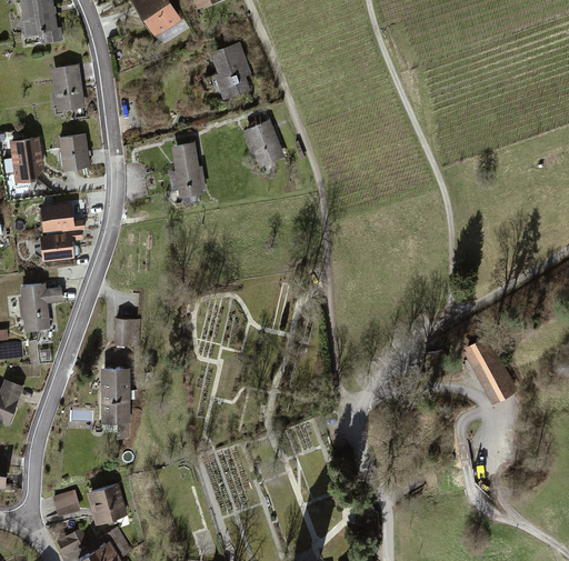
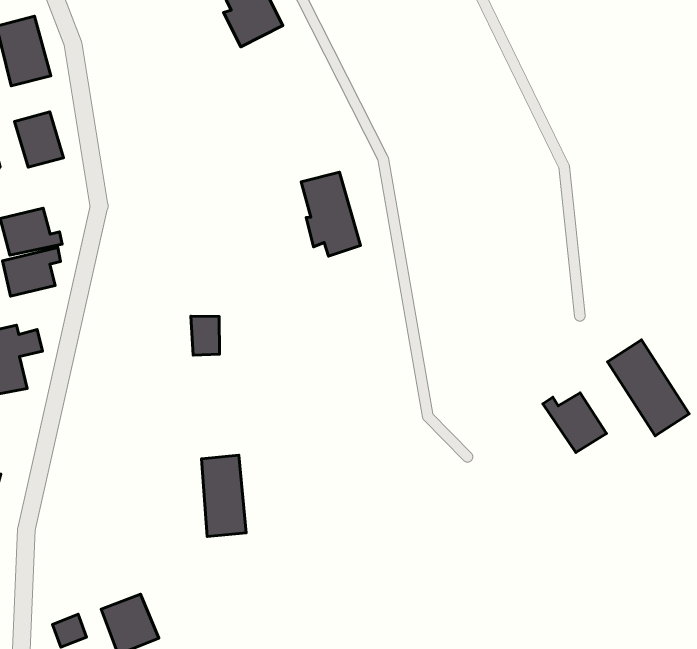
building: [242,121,283,169] -> none
building: [168,141,206,200] -> [301,172,360,256]
building: [113,319,134,348] -> [191,316,220,355]
building: [99,368,127,423] -> [201,455,246,537]
building: none -> [543,393,607,452]

